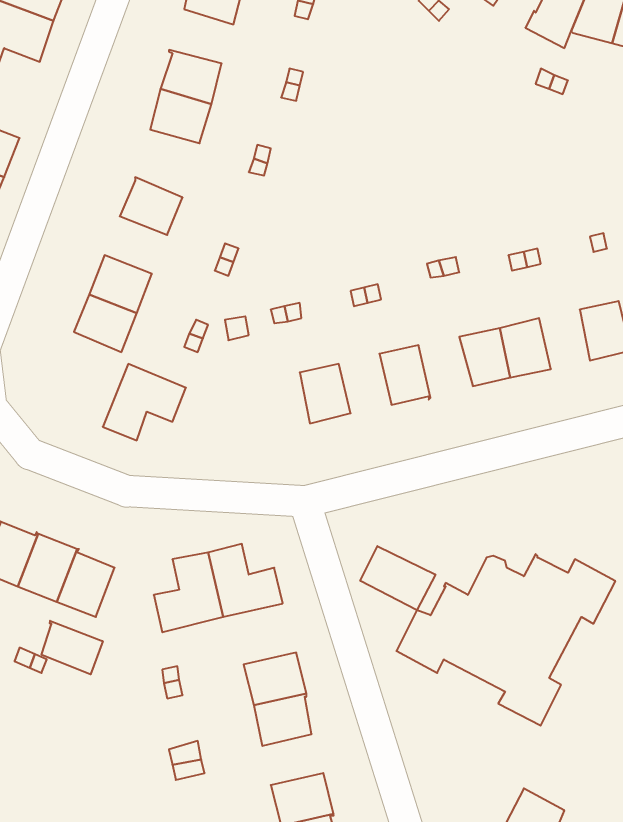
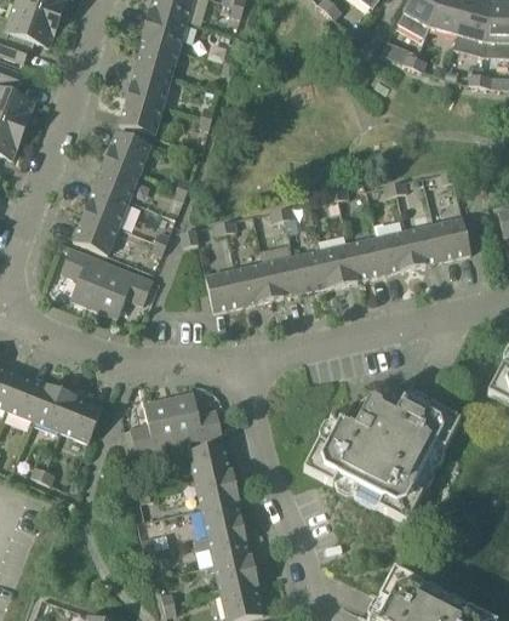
building: none -> [141,8,187,49]
building: none -> [119,96,162,135]
building: none -> [95,158,139,199]
building: none -> [405,224,441,267]
building: none -> [258,244,299,298]
building: none -> [319,244,358,287]
building: none -> [61,247,111,308]
building: none -> [205,269,241,312]
building: [360,546,435,610] -> none
building: none -> [188,441,231,478]
building: [42,621,103,674] -> none
building: none -> [191,528,251,564]

